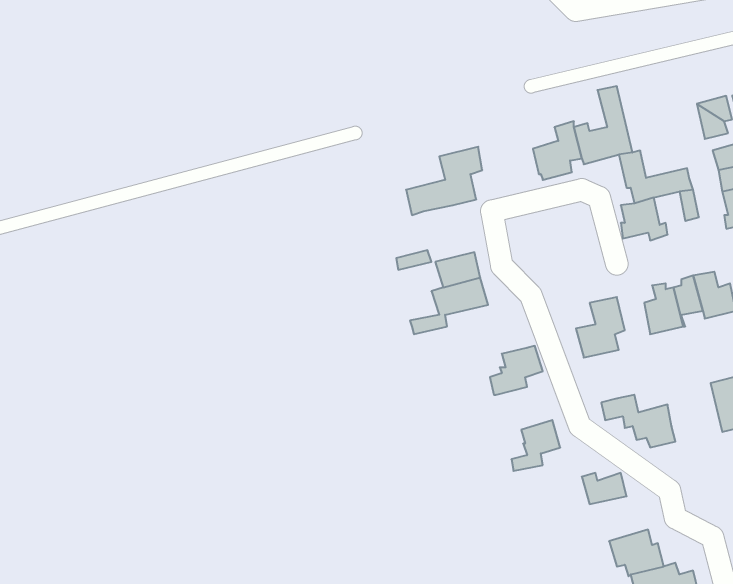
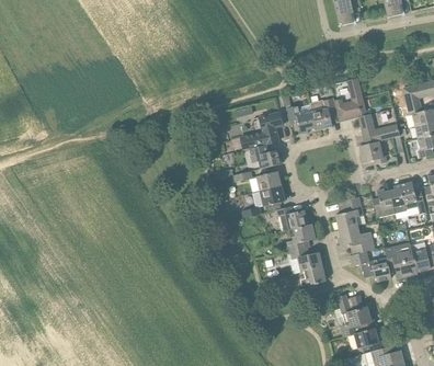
building: none -> [287,104,315,134]
building: none -> [250,145,283,169]
building: none -> [277,206,308,230]
building: none -> [340,226,376,253]
building: none -> [386,241,418,276]
building: none -> [290,247,322,271]
building: none -> [341,306,377,336]

